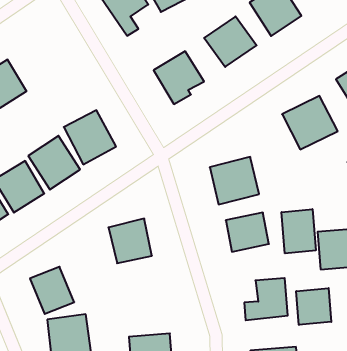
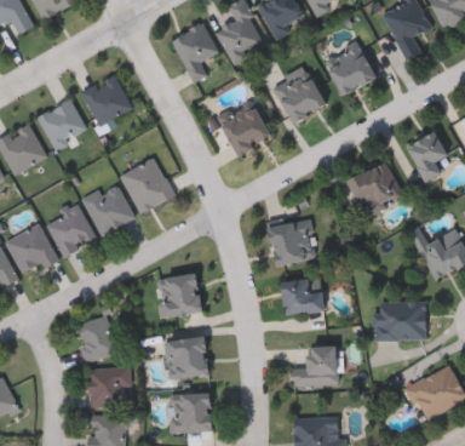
building: none -> [80,74,131,126]
building: [282,209,316,253] -> none
building: none -> [165,334,211,379]
building: [296,288,331,325] -> none

